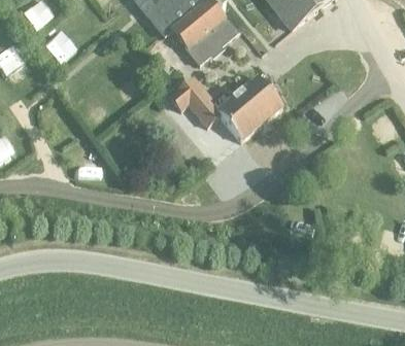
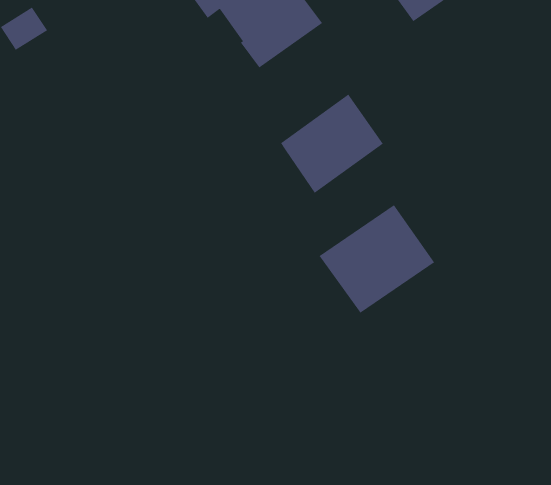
building: [168,78,220,126] -> none
building: none -> [318,204,435,315]

